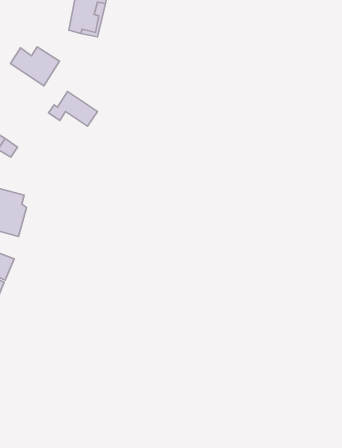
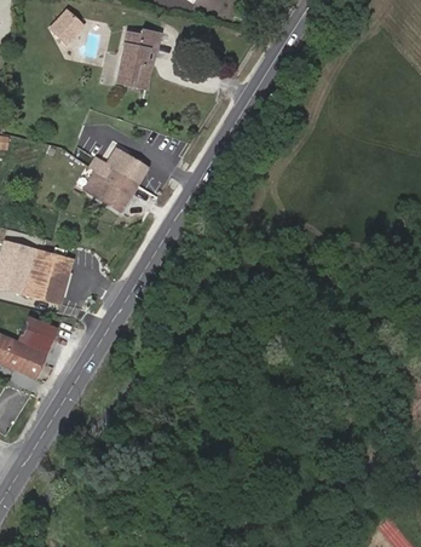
building: [10,47,59,86] -> [83,168,137,211]

